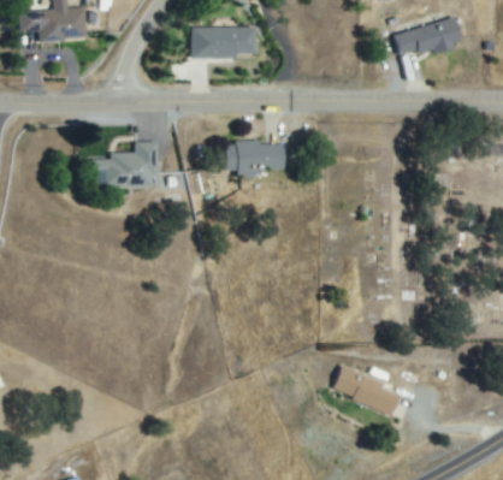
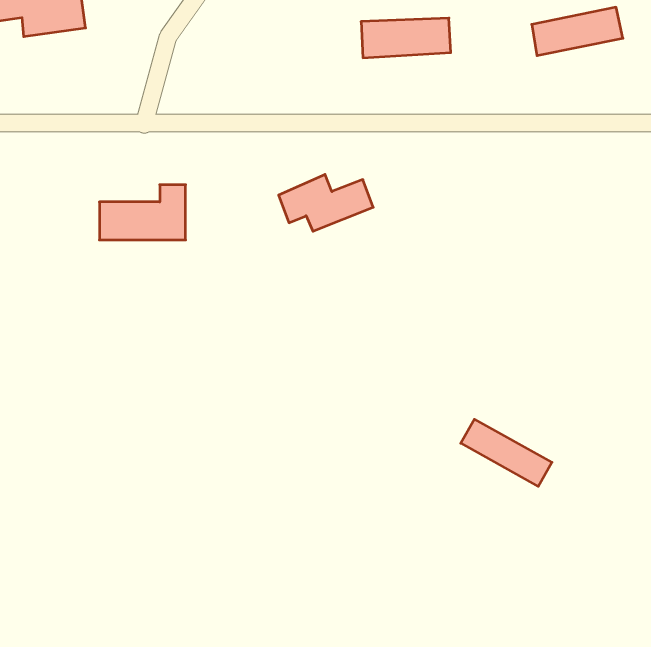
building: [193,28,255,55] -> [361,18,451,58]
building: [335,367,398,414] -> [461,419,552,486]

